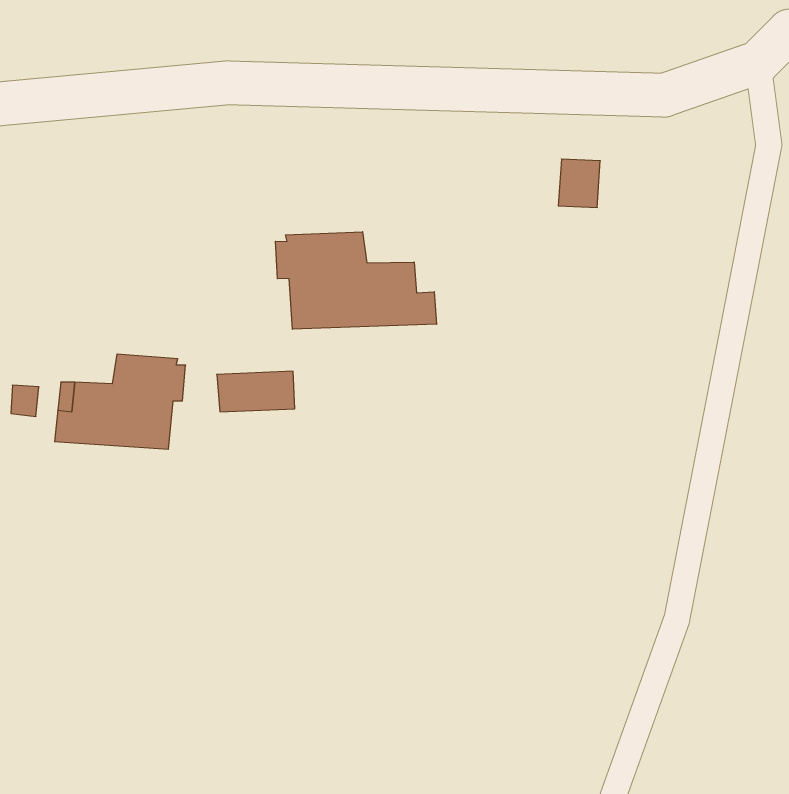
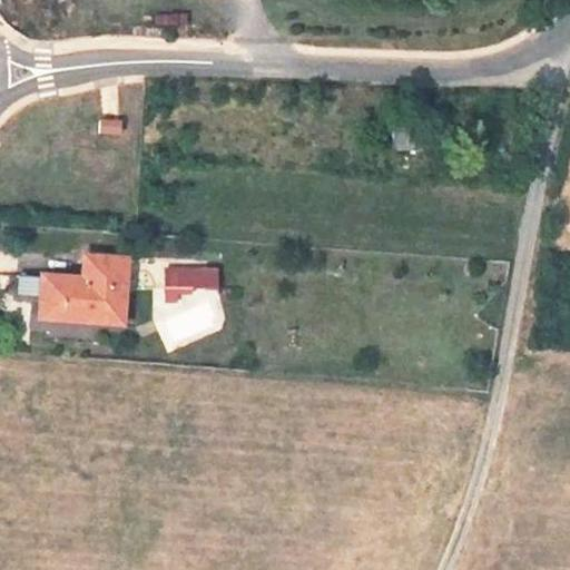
building: [275,232,437,329] -> none

